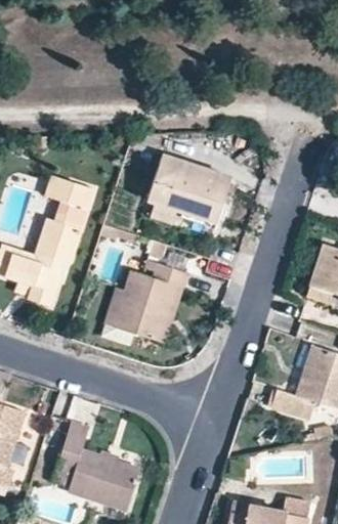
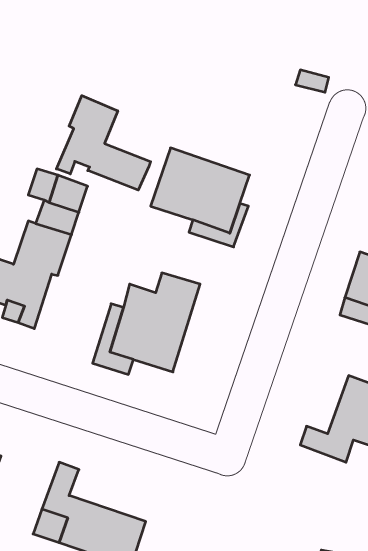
building: none -> [56,96,151,190]

